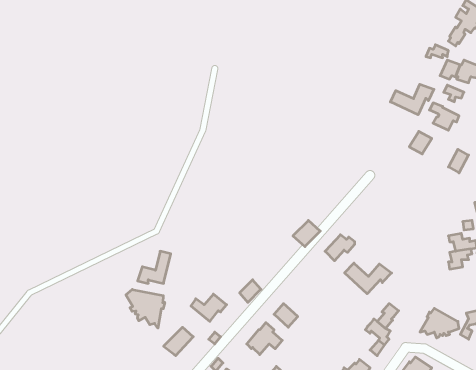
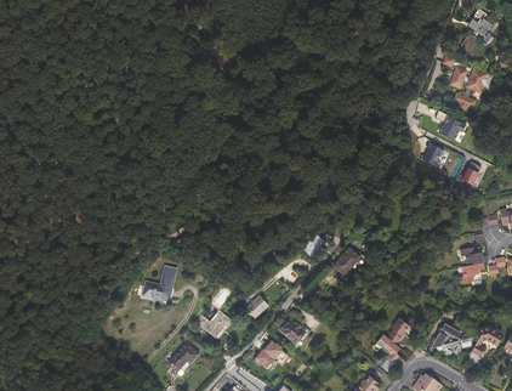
building: [390,84,434,115] -> none
building: [345,263,392,294] -> none
building: [126,289,165,328] -> none

